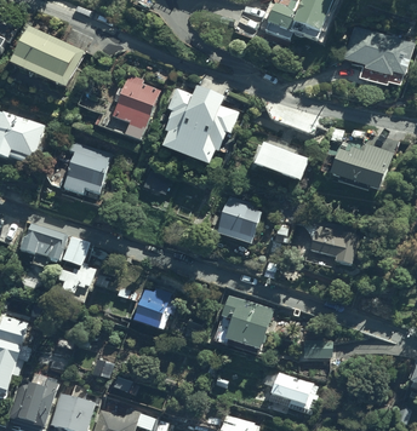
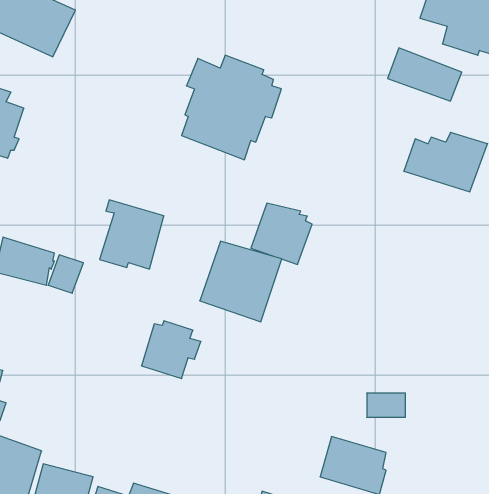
building: [113,75,158,140] -> none
building: [253,140,309,180] -> [388,48,462,101]
building: [62,142,110,194] -> [100,200,164,269]
building: [309,218,359,264] -> none
building: [211,295,273,356] -> [200,241,282,322]

